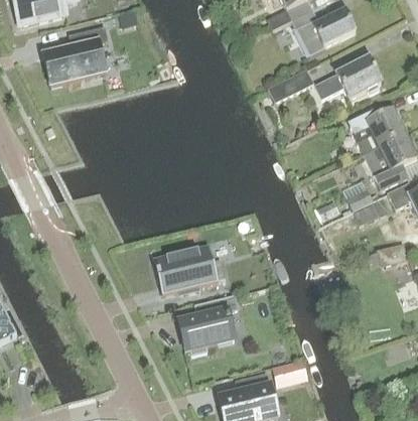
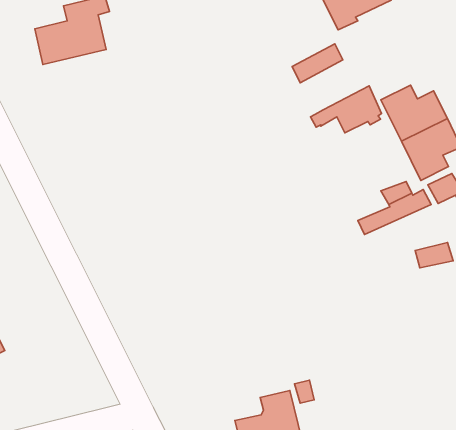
building: [317,56,380,98] -> [310,86,382,133]
building: [152,244,225,295] -> none
building: [178,297,234,353] -> none

